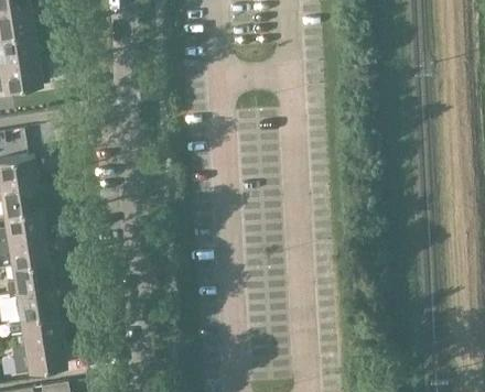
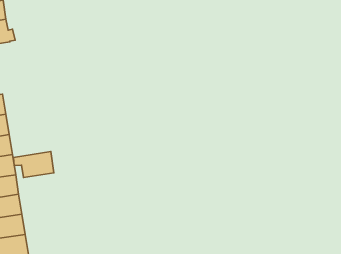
building: none -> [14,151,54,178]

